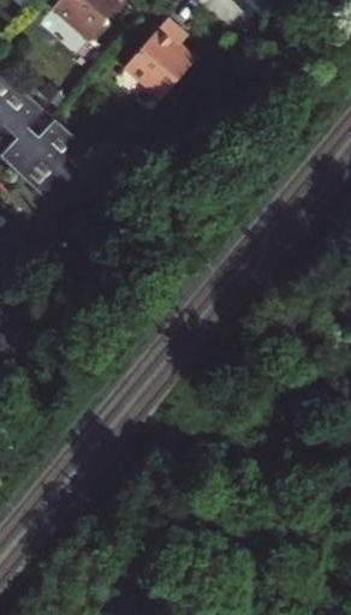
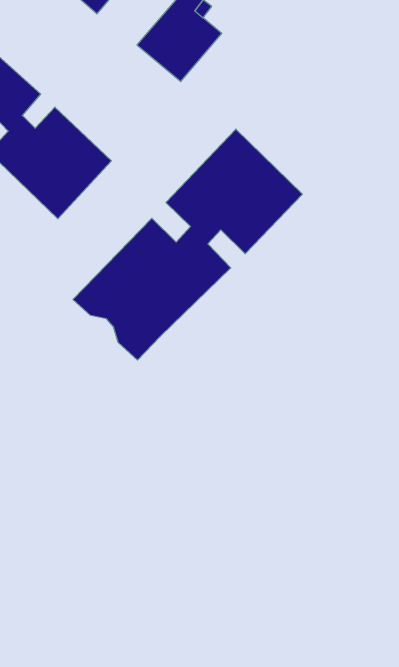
building: none -> [73,129,302,360]

